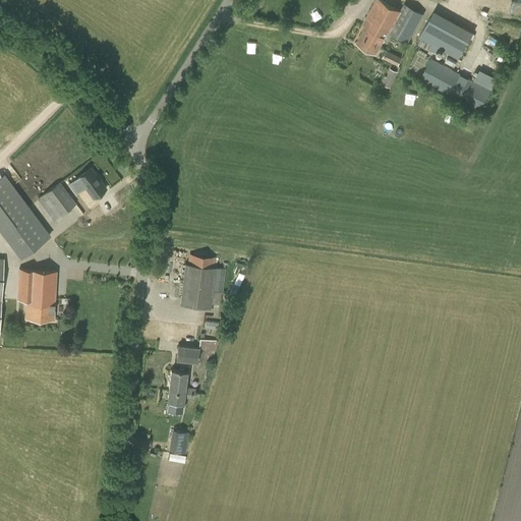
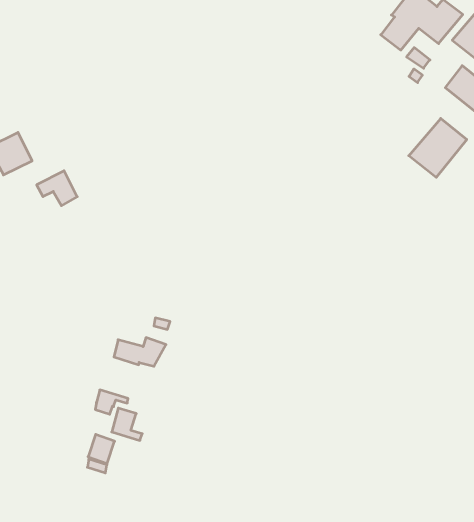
building: none -> [409,118,467,177]
building: [69,169,106,199] -> [37,171,77,206]
building: [180,254,225,310] -> none
building: [169,370,195,395] -> [112,408,142,440]

